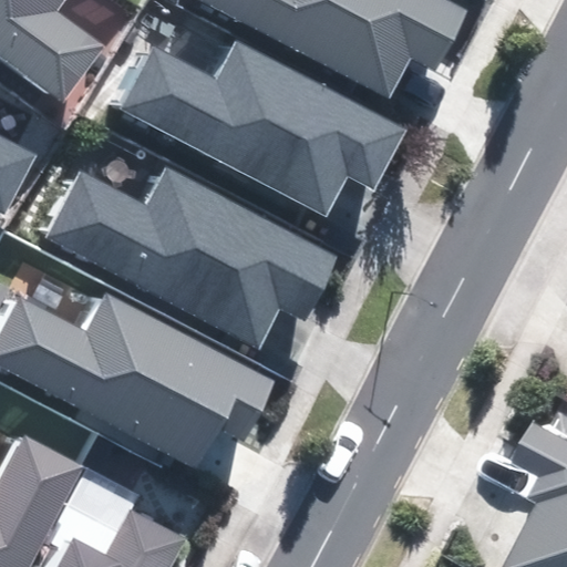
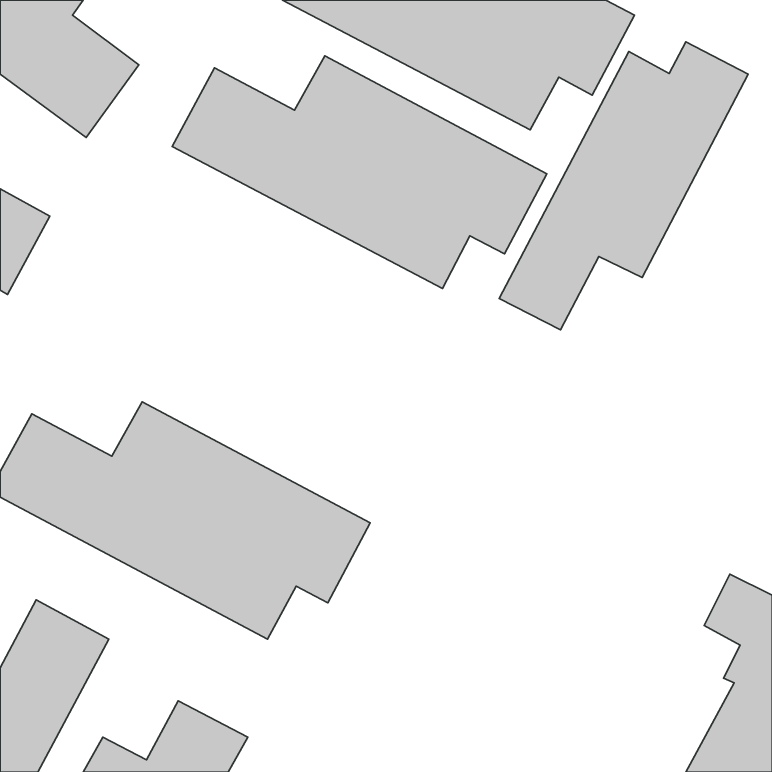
building: none -> [499,42,748,330]
building: [54,168,333,342] -> none

